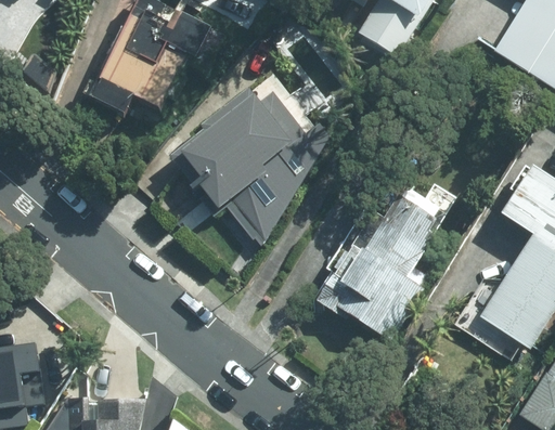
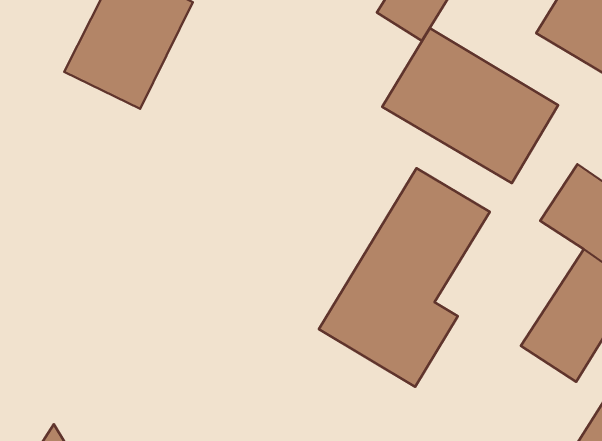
building: none -> [382,28,558,183]
building: [168,78,330,248] -> none

